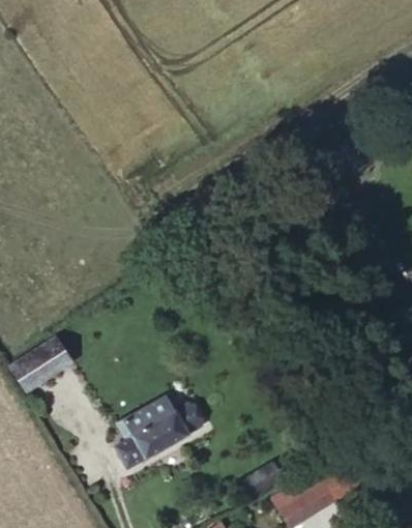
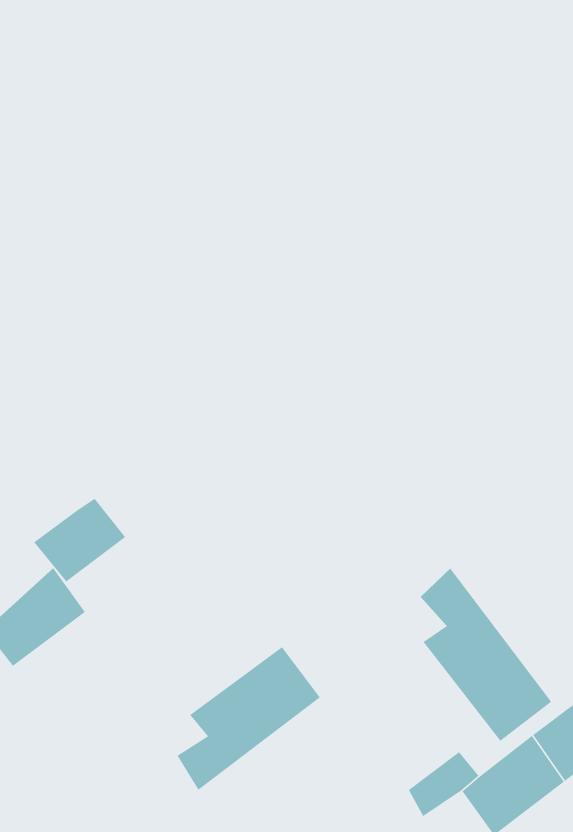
building: none -> [33,498,126,582]
building: none -> [420,568,552,742]

